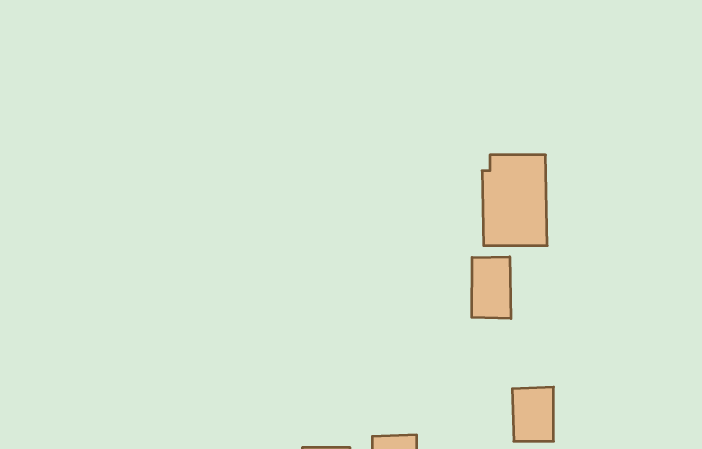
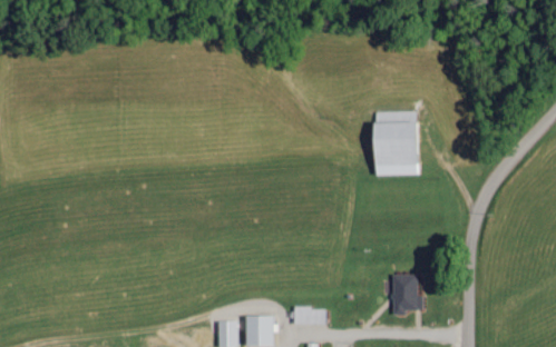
building: [472,257,511,319] -> none

